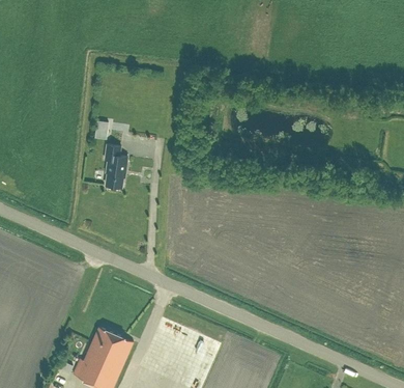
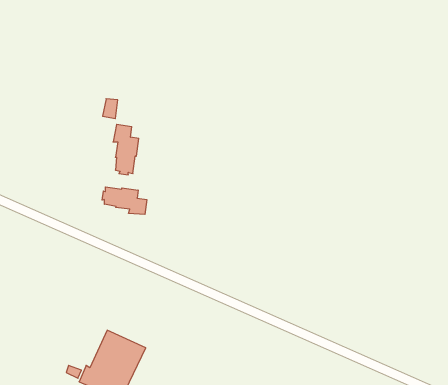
building: none -> [102,187,147,214]

